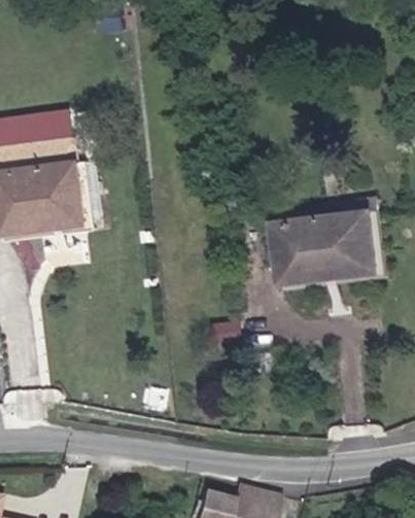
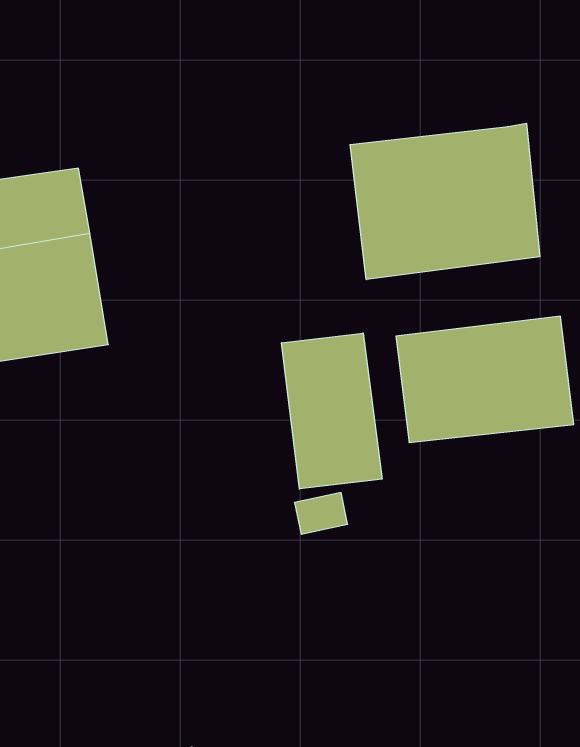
building: none -> [350,123,540,280]
building: none -> [282,333,382,489]

